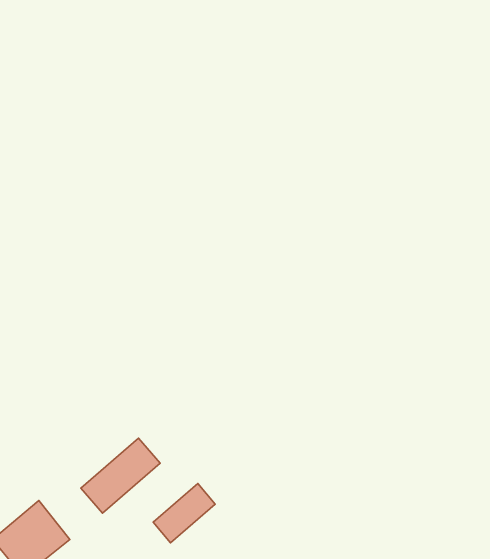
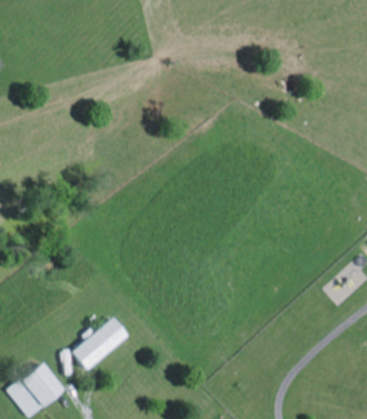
building: [153,484,215,543] -> none

